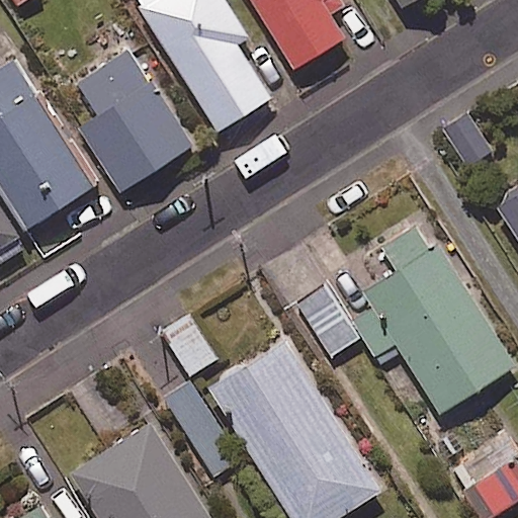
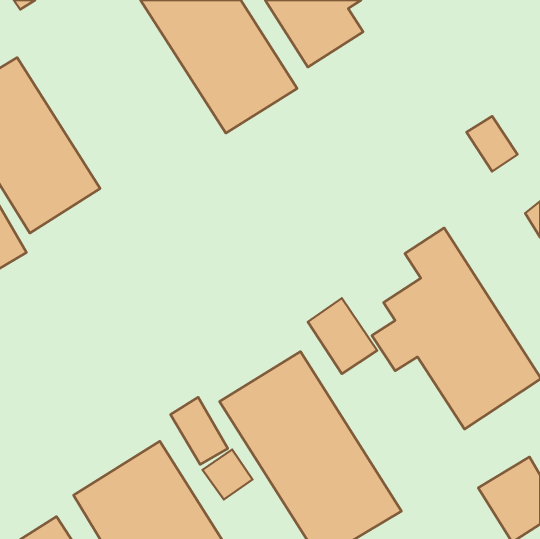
building: [75,49,192,191] -> none

